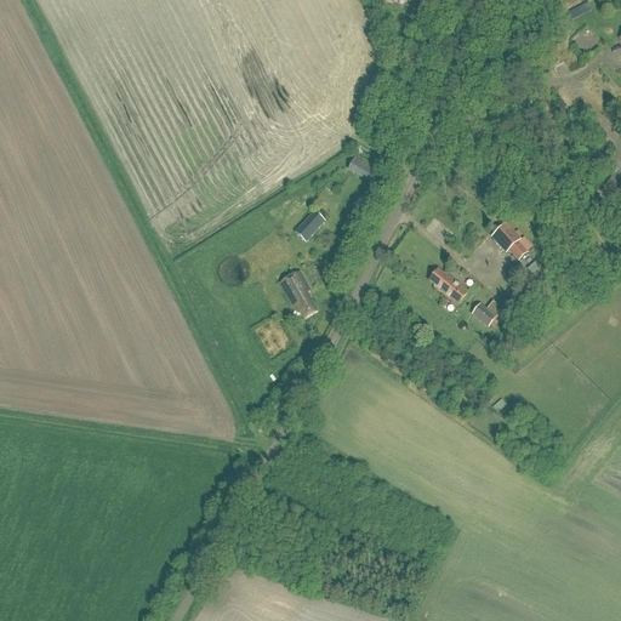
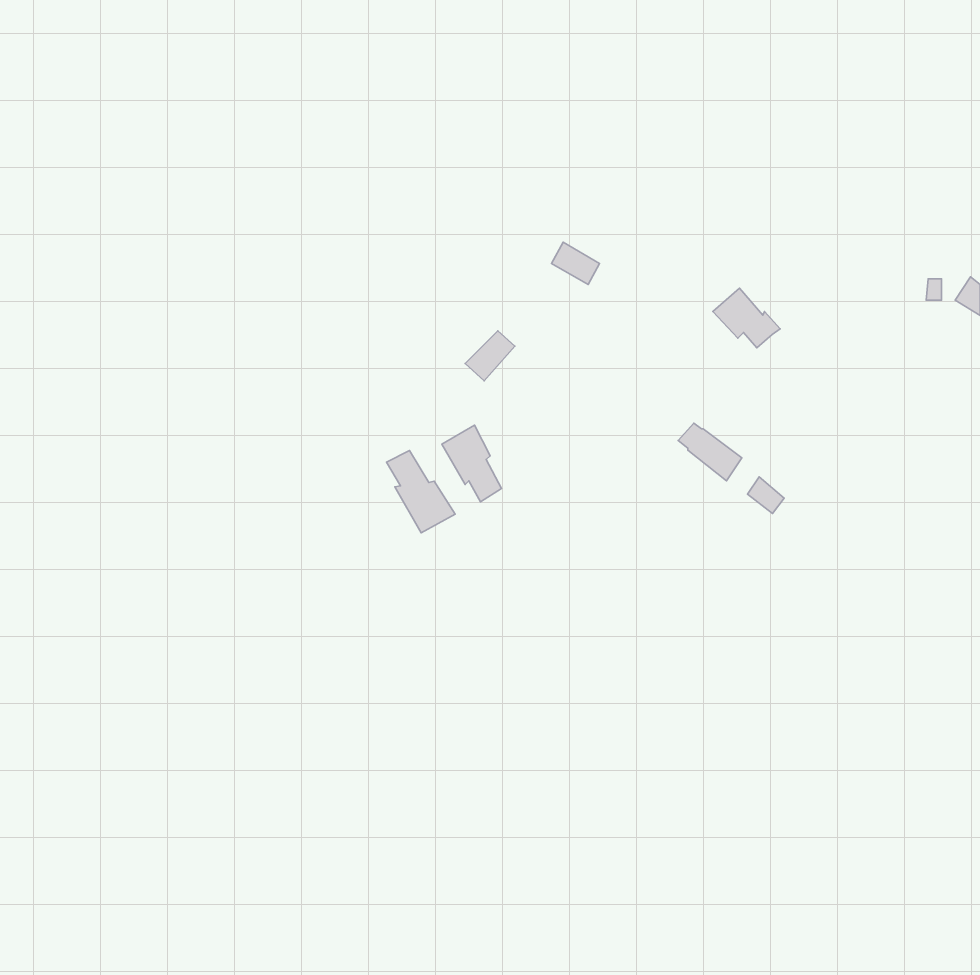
building: [490,220,532,257] -> [713,288,780,348]
building: none -> [386,451,455,533]

